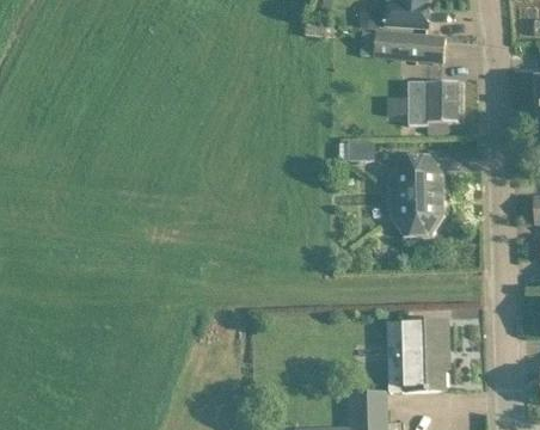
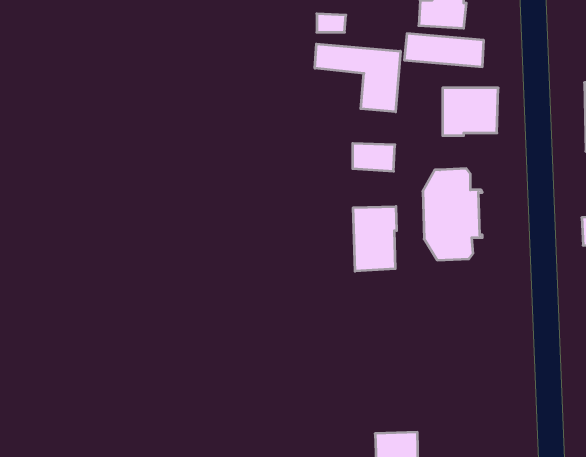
building: none -> [315,44,400,112]
building: none -> [353,206,397,271]
building: [392,319,447,391] -> none

